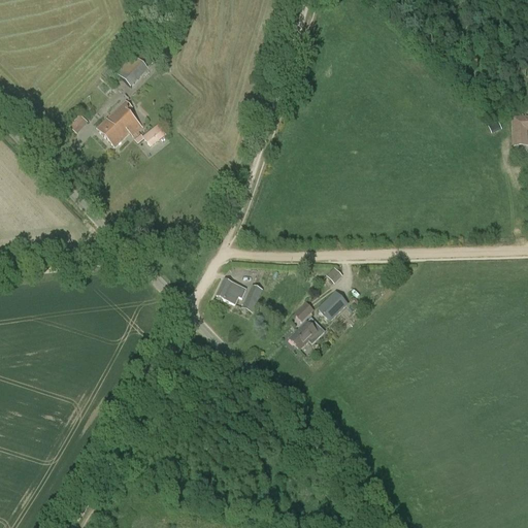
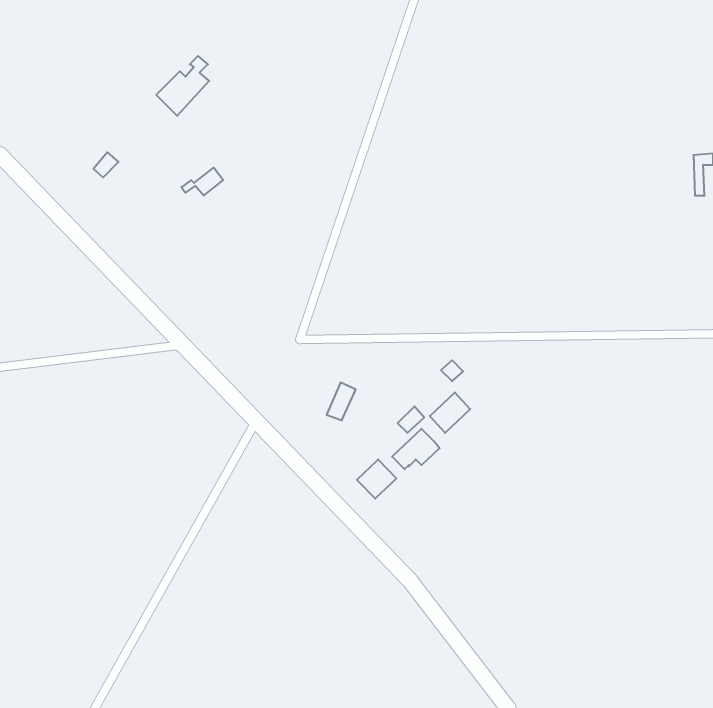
building: [97,99,142,144] -> none
building: [217,278,246,303] -> none
building: none -> [357,459,396,499]

